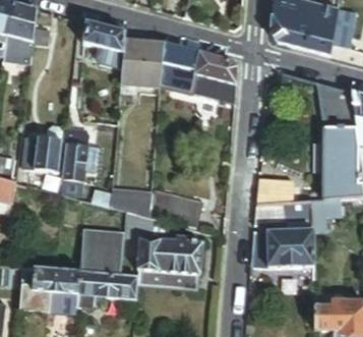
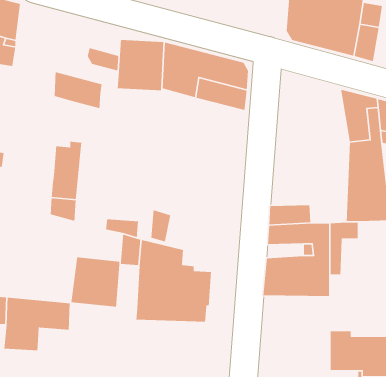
building: [83,19,126,53] -> [54,71,102,109]
building: [26,134,64,172] -> none
building: [165,193,202,226] -> none
building: [78,271,139,308] -> none

